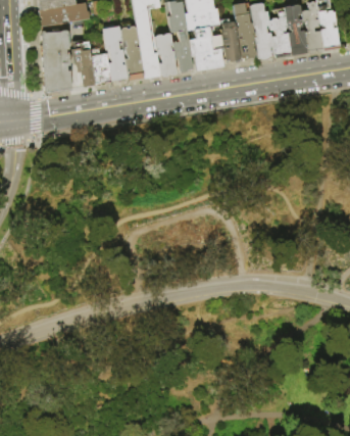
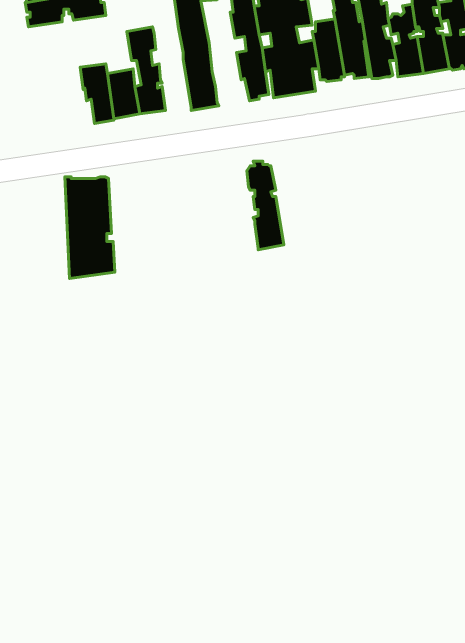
building: [120,23,144,80] -> [247,161,284,250]
building: [41,30,72,94] -> [65,177,115,278]
building: [155,33,177,77] -> none

